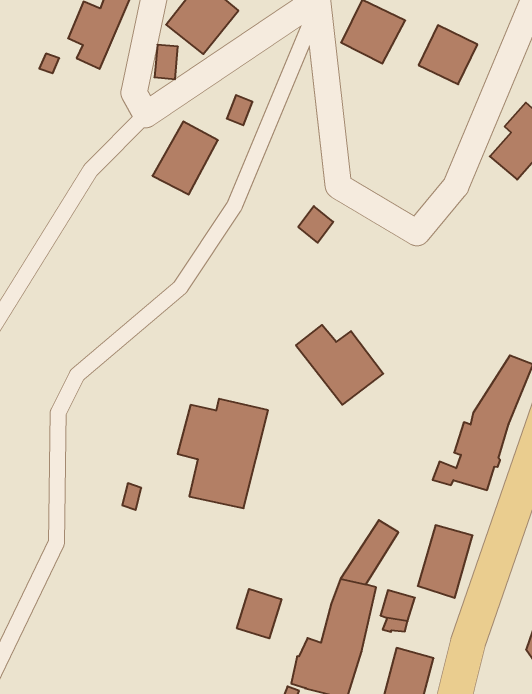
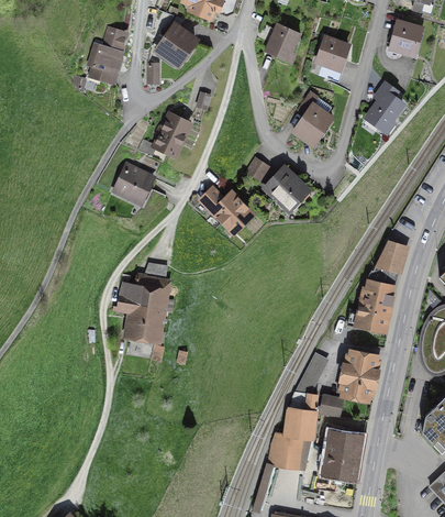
building: none -> [289,100,331,145]
building: none -> [112,163,153,205]
building: none -> [259,163,307,210]
building: [296,325,383,405] -> [196,185,253,234]
building: [178,399,268,508] -> [114,276,169,344]
building: [237,589,281,638] -> none

